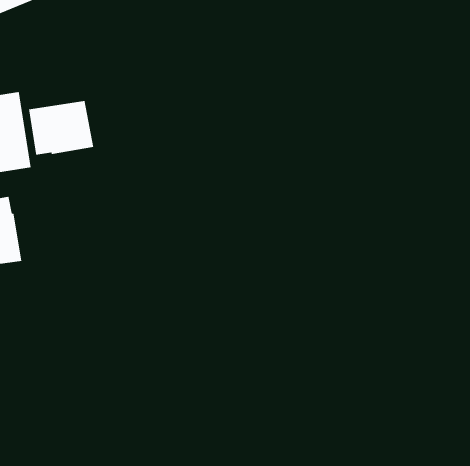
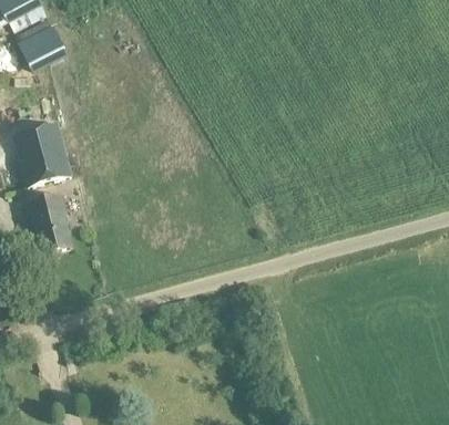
building: [29,100,94,155] -> none

